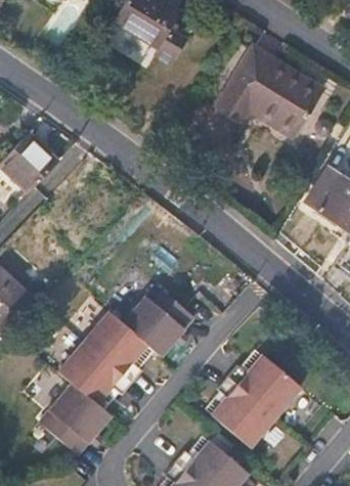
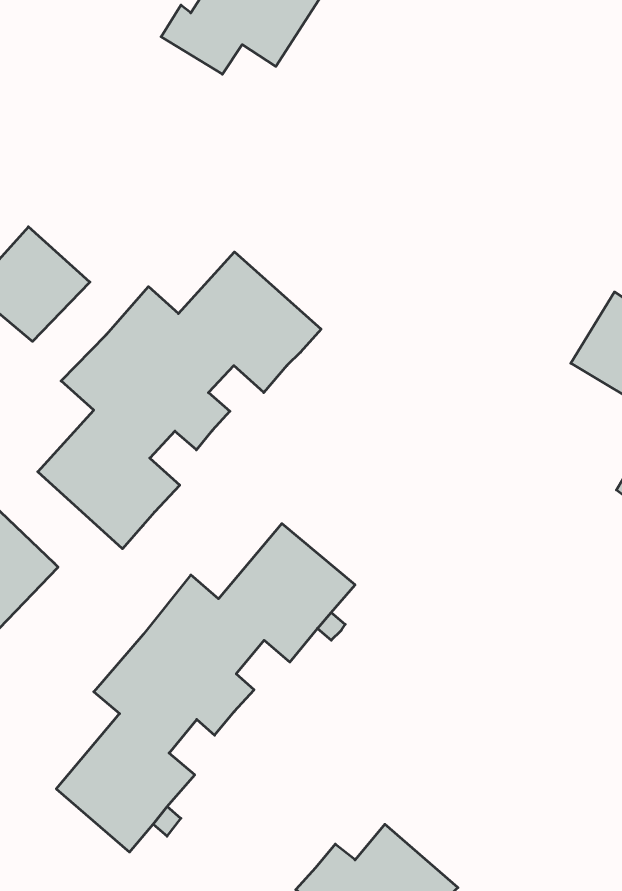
building: [217,46,322,138] -> none
building: none -> [38,252,321,549]
building: [211,355,300,447] -> none

